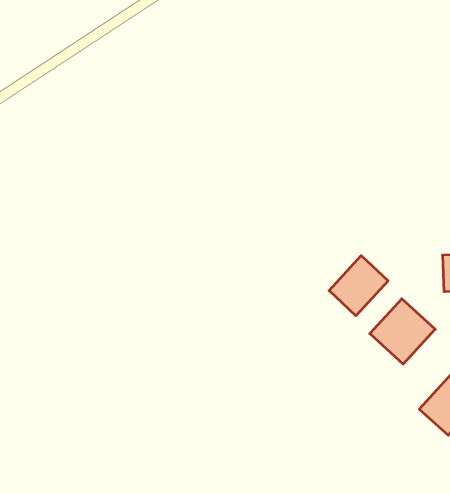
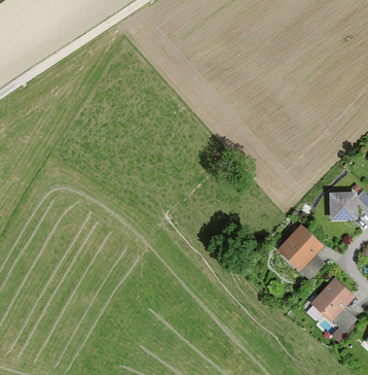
building: [329,256,388,316] -> none

